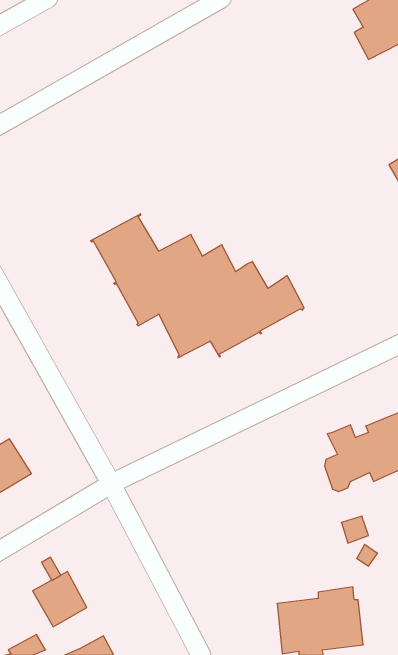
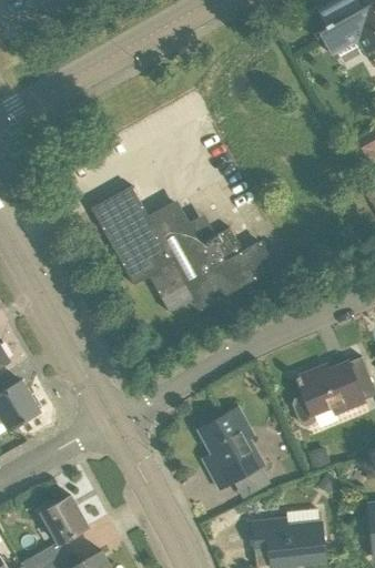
building: none -> [199,406,271,498]

